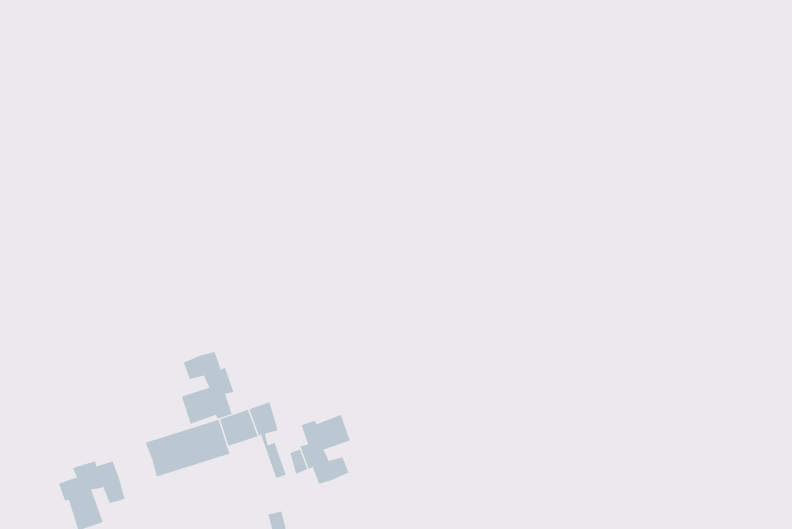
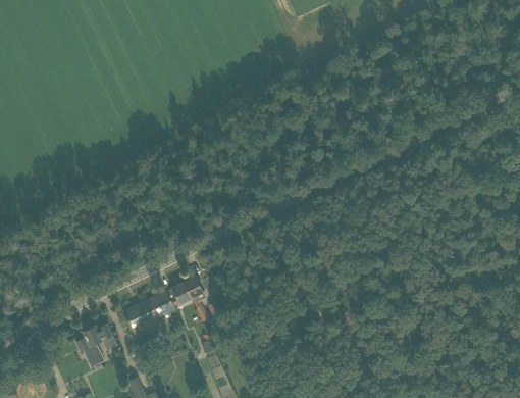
building: [181,351,234,425] -> none
building: [300,414,351,484] -> none

